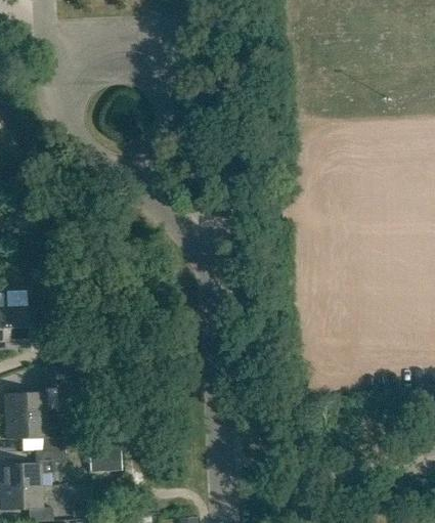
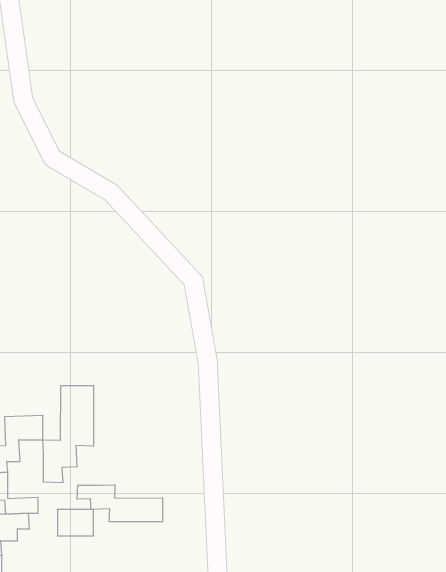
building: none -> [43,385,93,483]
building: none -> [77,485,163,522]

